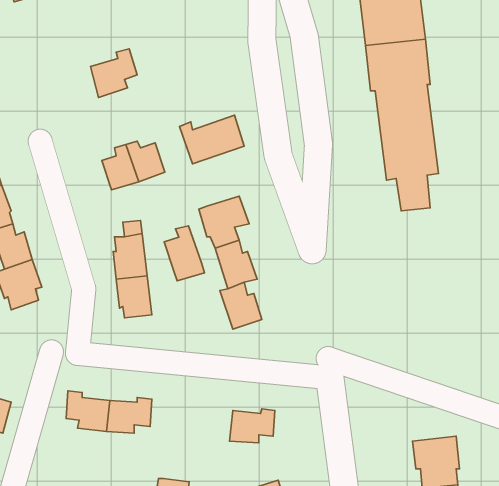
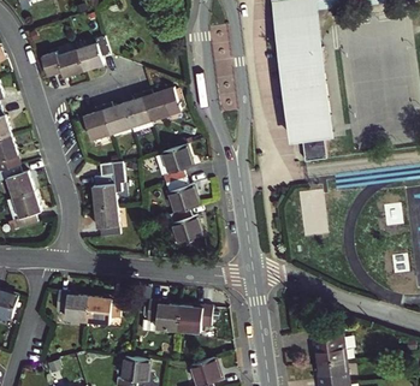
building: none -> [37,51,79,79]
building: [164,226,205,281] -> [122,95,152,136]
building: none -> [146,299,179,328]

